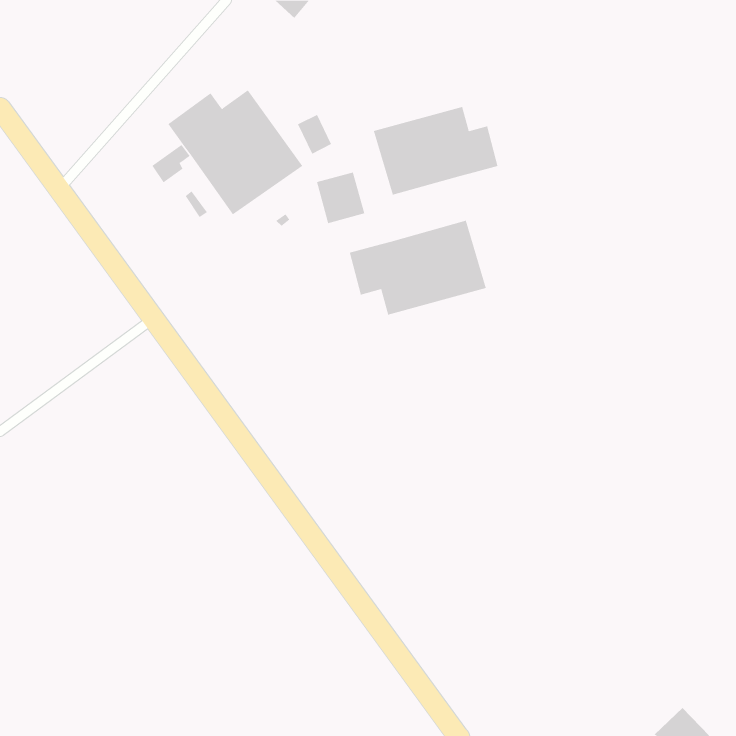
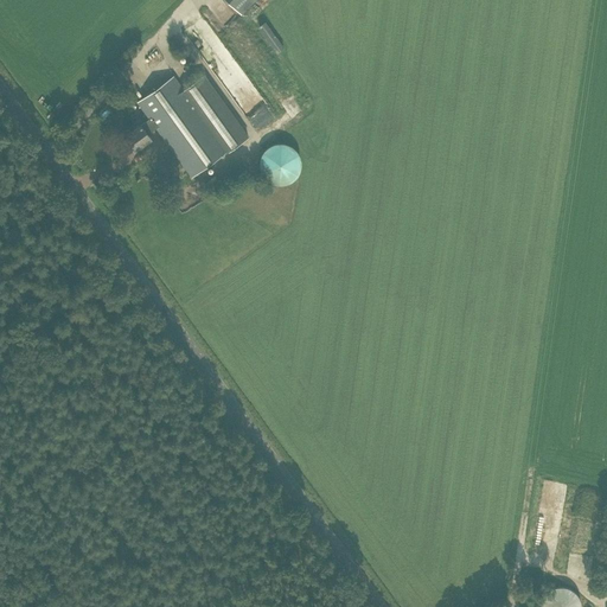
building: [373,106,498,196] -> none
building: [349,220,486,316] -> none

